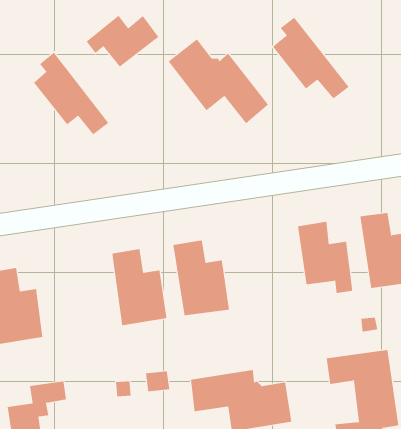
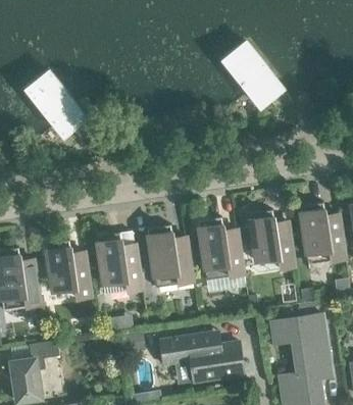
building: [86,15,159,68] -> none
building: [168,39,269,124] -> none
building: none -> [197,218,244,281]
building: none -> [45,241,91,300]

